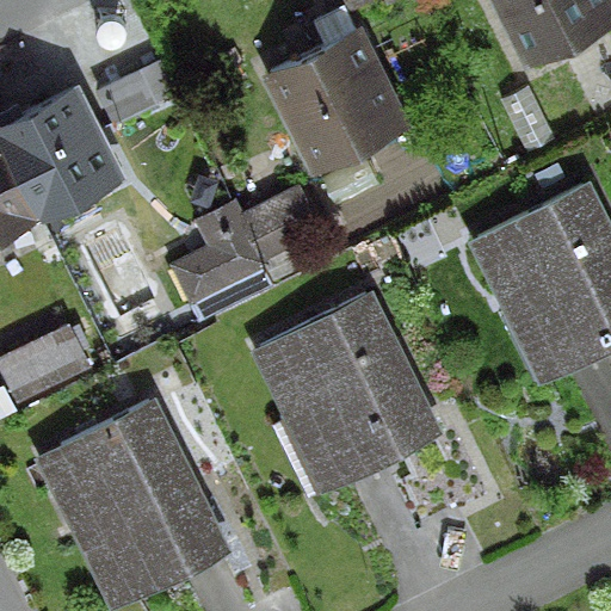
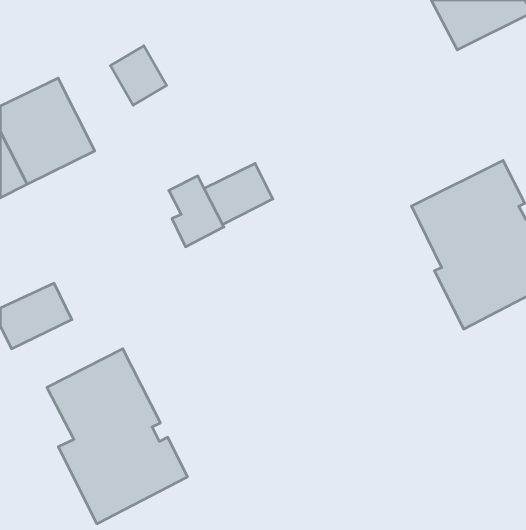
building: [271,30,403,167] -> none
building: [260,296,434,493] -> none

